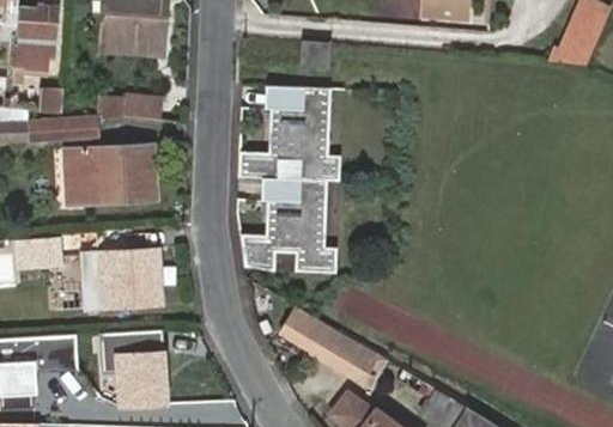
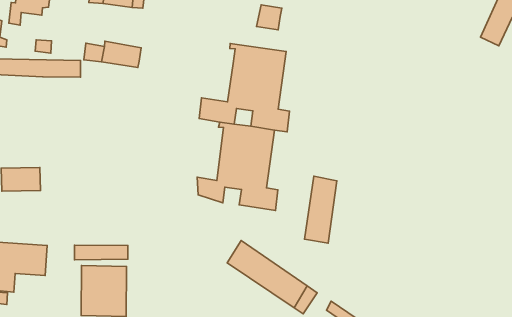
building: [62,147,153,207] -> none
building: none -> [305,176,337,243]
building: [87,251,160,312] -> none

